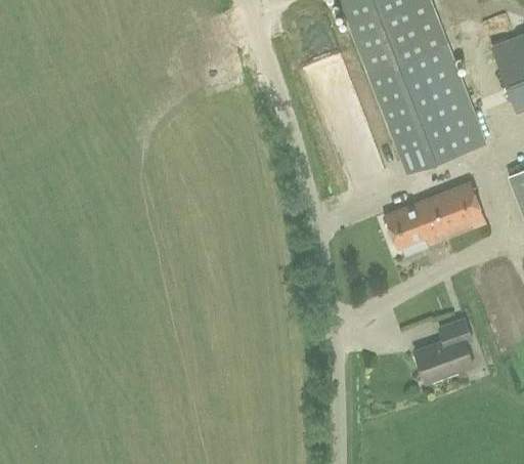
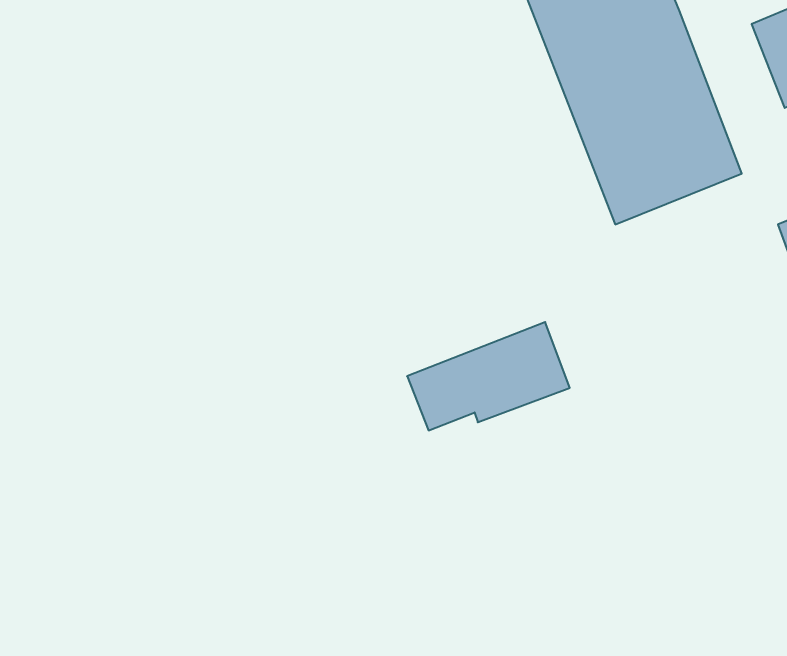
building: [385,181,486,249] -> [407,322,570,430]
building: [414,319,473,381] -> none

